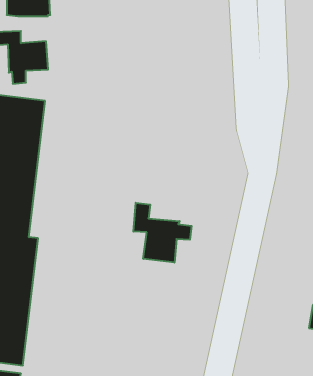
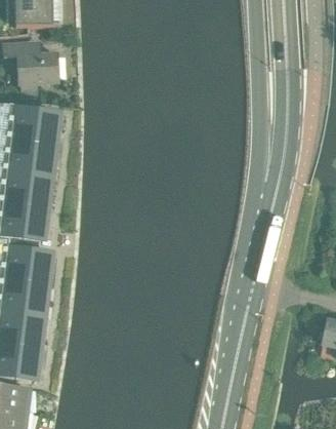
building: [133,203,192,263] -> none

